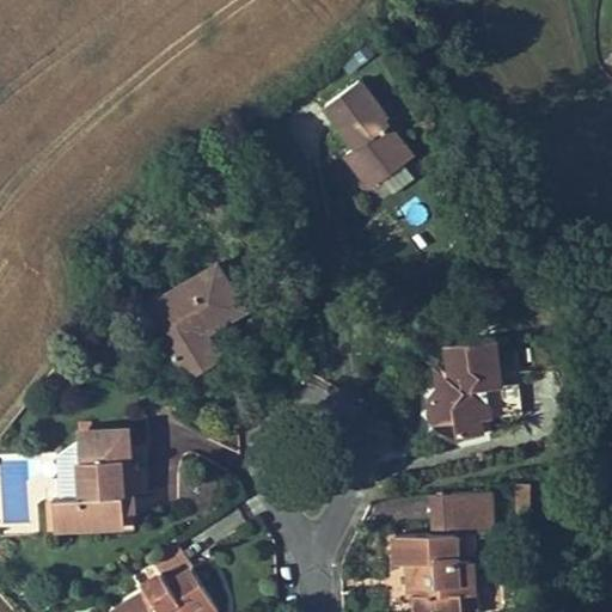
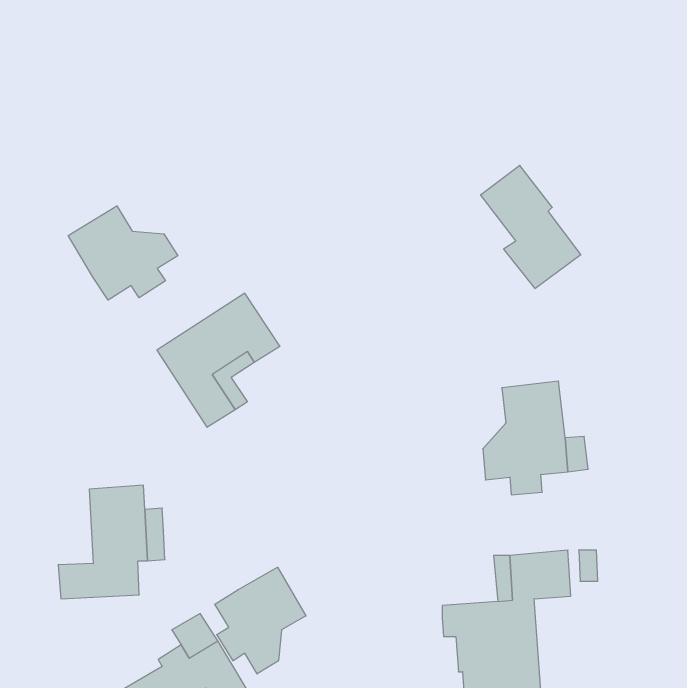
building: [320,85,409,194] -> [481,165,581,288]
building: none -> [68,206,178,300]
building: none -> [215,567,306,674]

